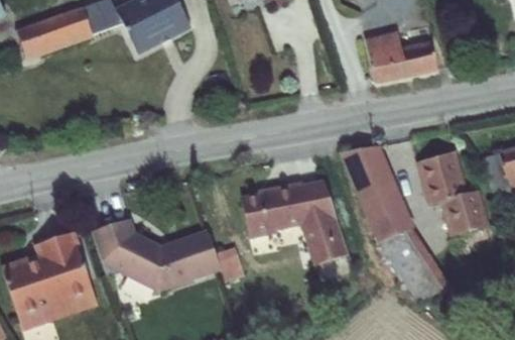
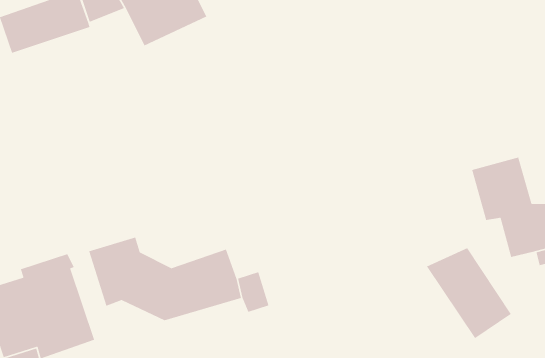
building: [364,32,438,86] -> none
building: [337,143,413,241] -> none
building: [240,177,349,264] -> none

